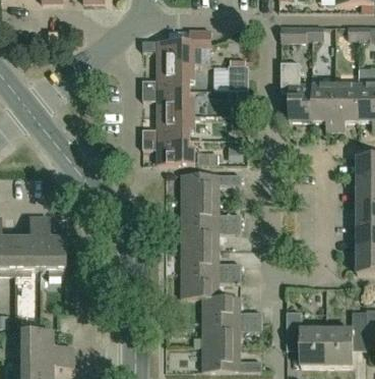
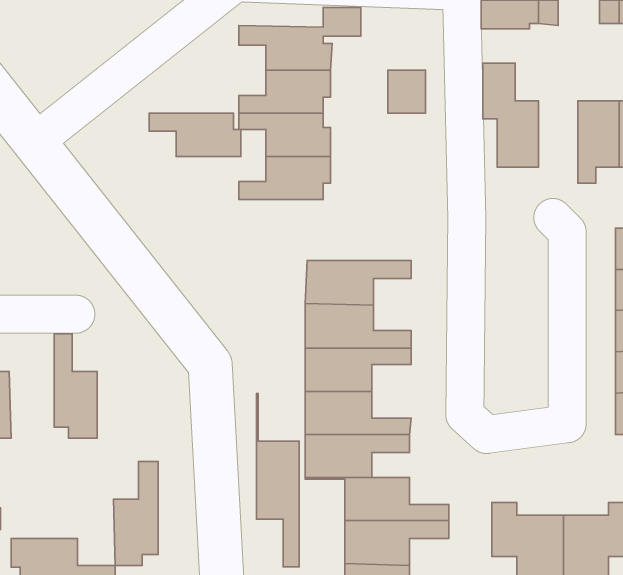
building: [313,83,335,129] -> none
building: [143,139,195,163] -> [149,113,241,156]
building: [13,215,39,274] -> [113,461,158,565]
building: none -> [256,393,299,567]

